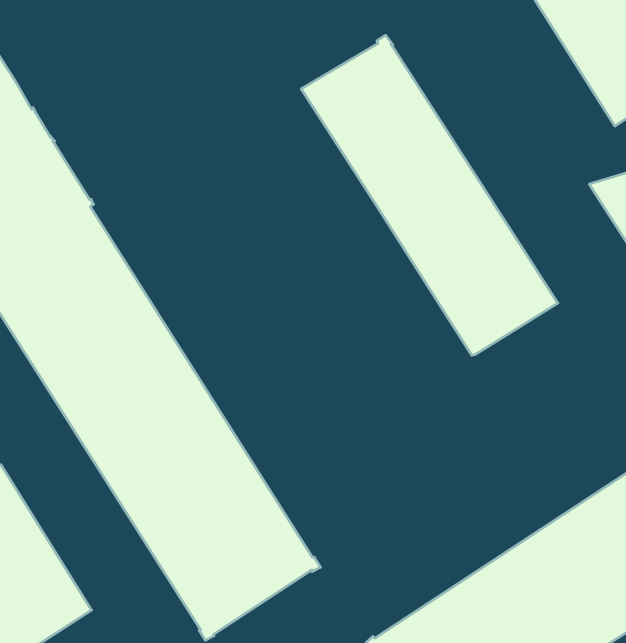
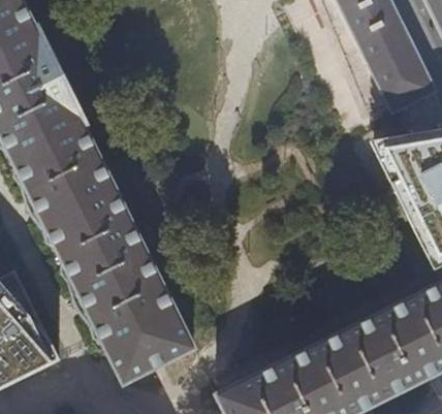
building: [301,35,558,355] -> none

